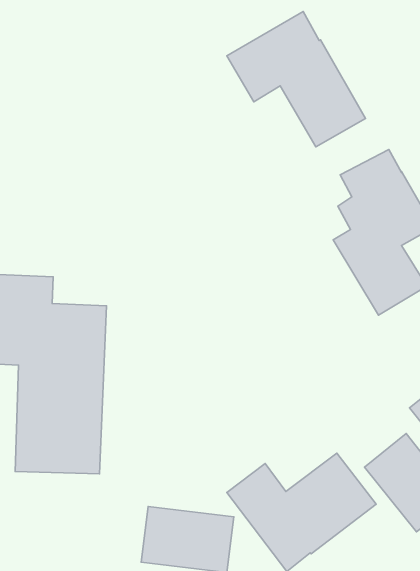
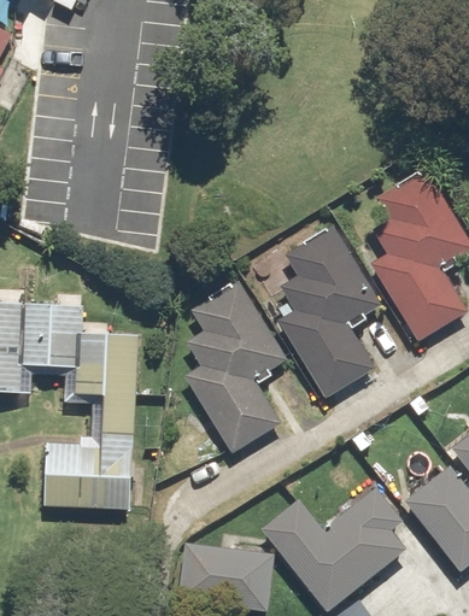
building: [227,12,366,147] -> none
building: none -> [277,228,381,400]
building: none -> [184,282,287,454]

